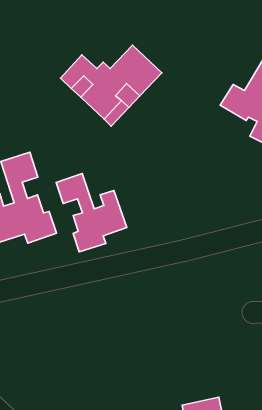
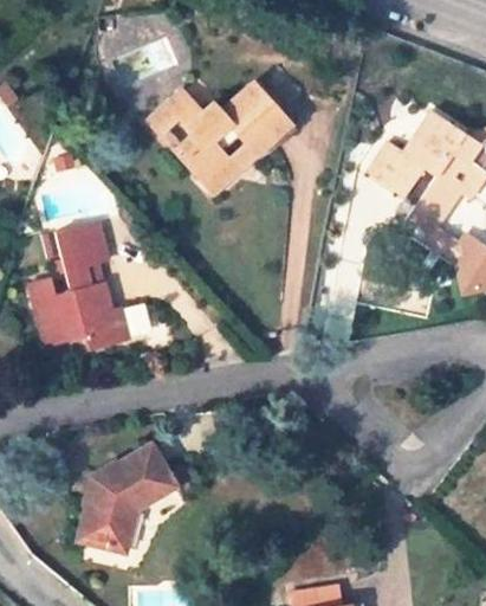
building: [56,174,127,252] -> none
building: none -> [80,447,175,550]

